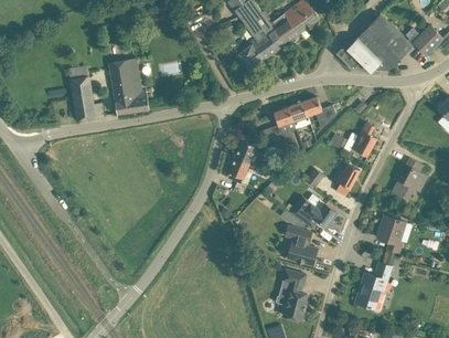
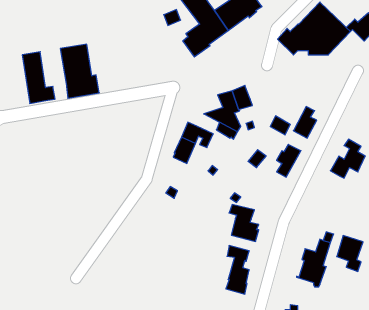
building: [301,95,335,127] -> none
building: [290,199,336,225] -> none
building: [376,214,404,252] -> [337,236,363,271]

